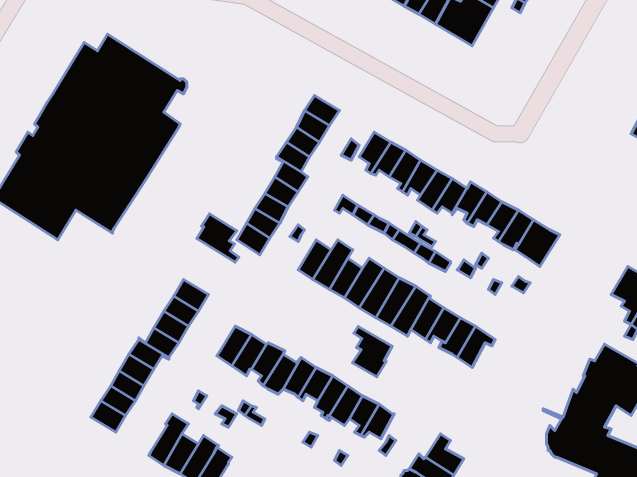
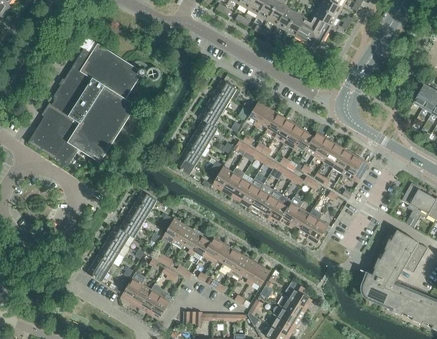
building: [197,214,239,262] -> none
building: [352,326,392,377] -> none

